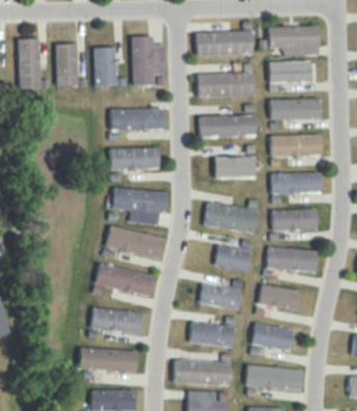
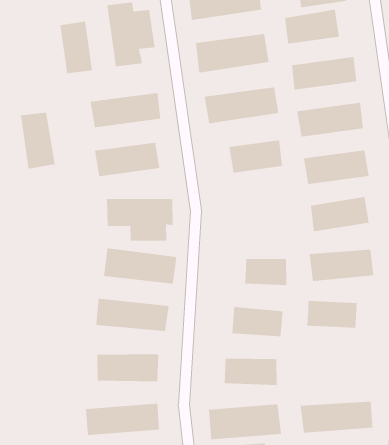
building: [55,44,78,86] -> [20,112,55,169]
building: [203,201,257,235] -> none
building: [251,323,294,352] -> none

